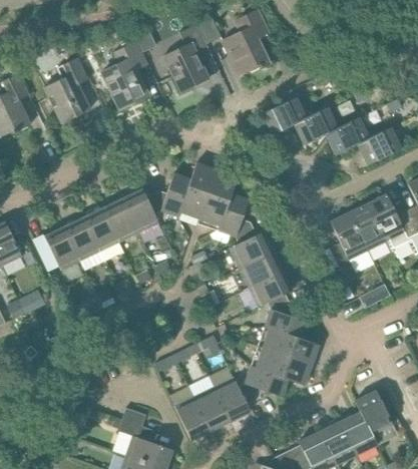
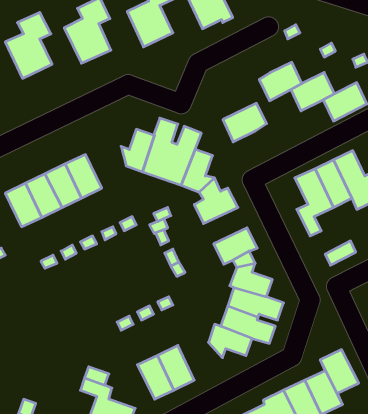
building: [263,97,306,135] -> [223,103,267,142]
building: [123,188,163,231] -> none
building: [240,251,283,287] -> none
building: [215,378,259,421] -> none

